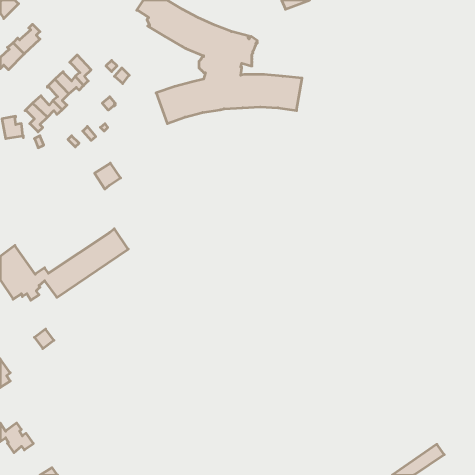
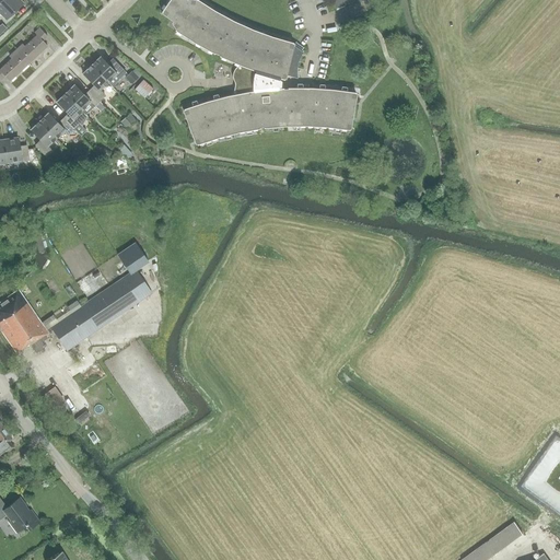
building: none -> [91,56,125,85]
building: [95,163,121,189] -> [117,243,148,273]

